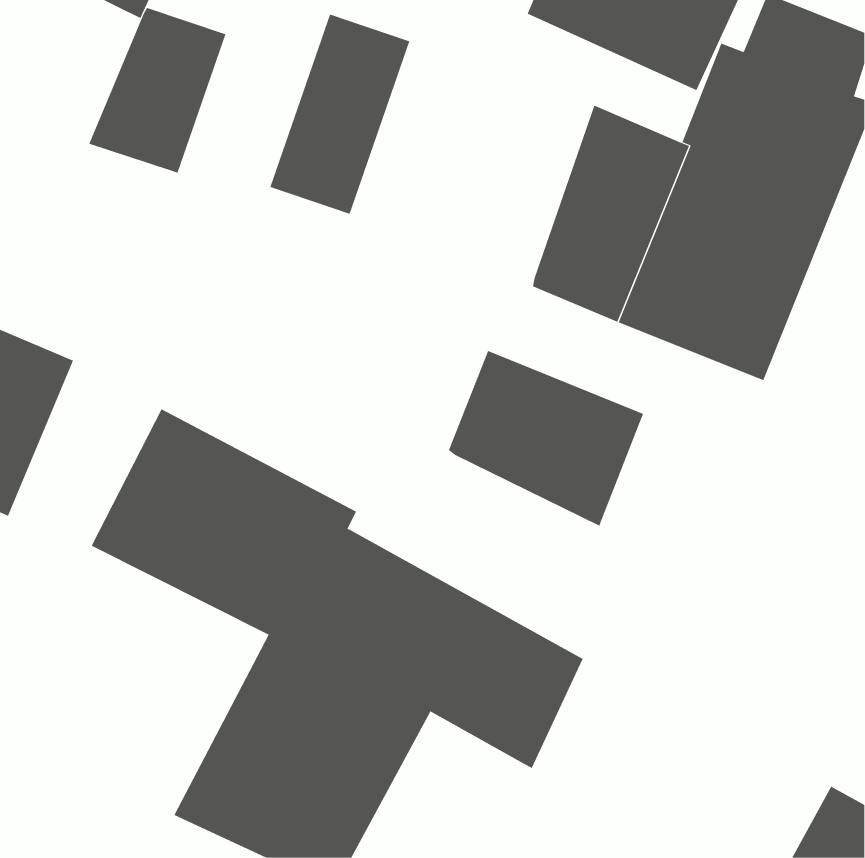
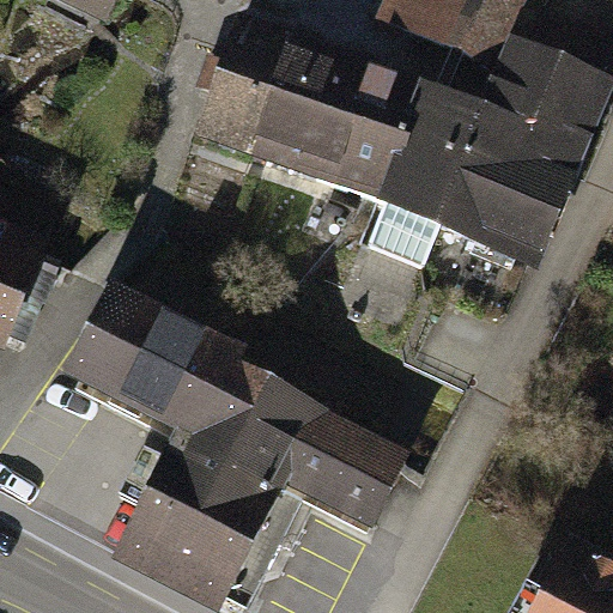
building: [89,7,226,173] -> none
building: none -> [244,29,414,194]
building: [448,350,644,527] -> none

